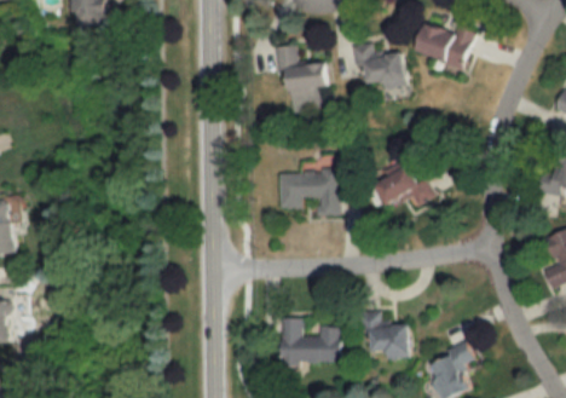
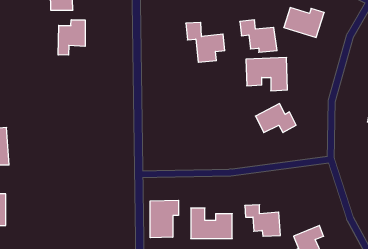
building: none -> [58,20,85,55]
building: [278,168,339,217] -> [246,58,287,91]
building: none -> [150,200,178,238]

